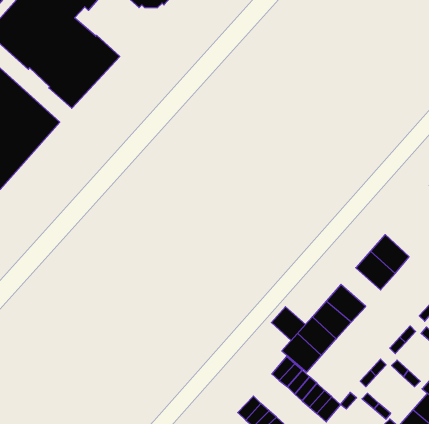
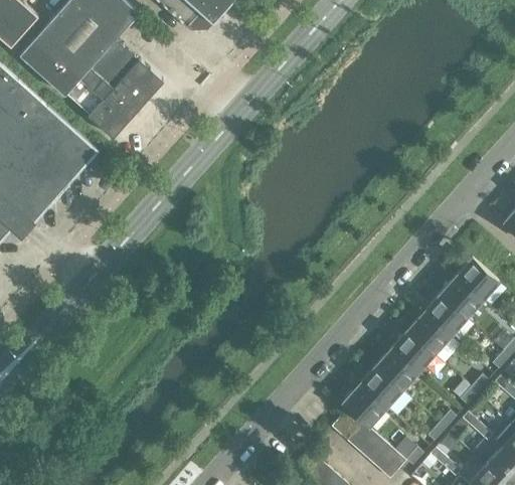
building: none -> [455,258,498,300]
building: none -> [406,312,450,354]
building: [271,307,305,340] -> none

